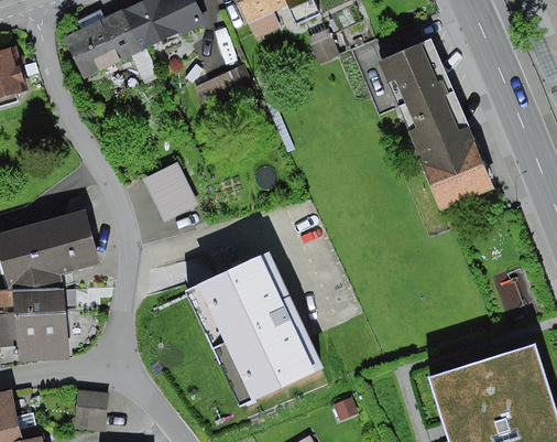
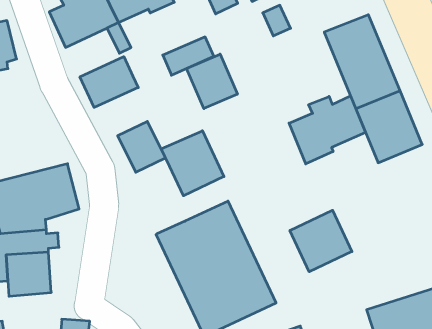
building: none -> [187,54,237,109]
building: none -> [80,57,138,107]
building: none -> [289,96,366,164]
building: none -> [161,131,224,196]
building: none -> [290,210,352,272]

